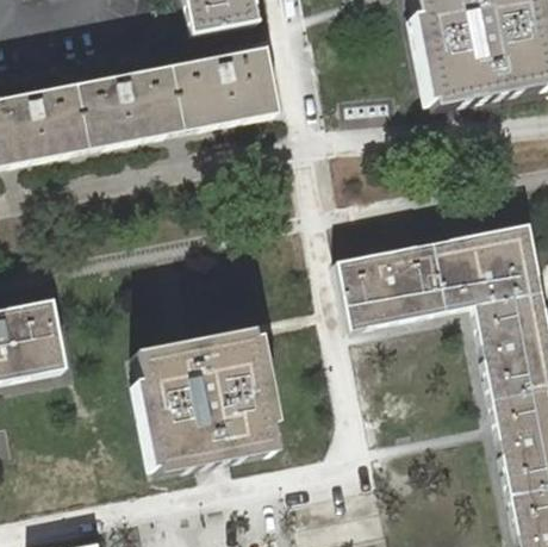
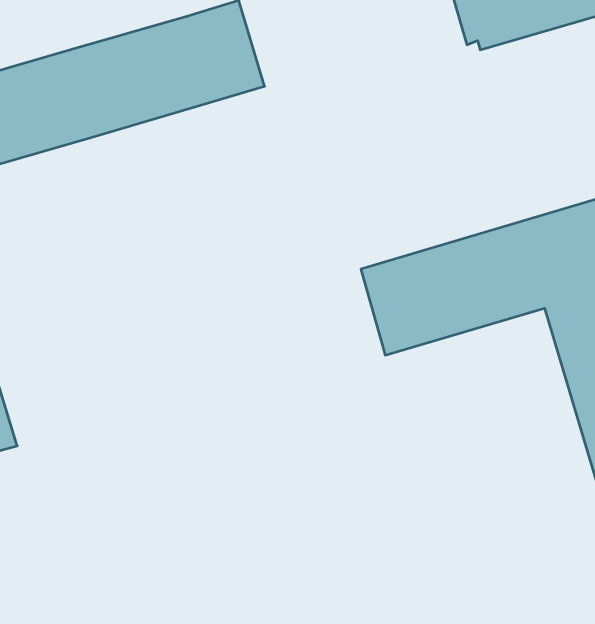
building: [139,328,284,472] -> none

